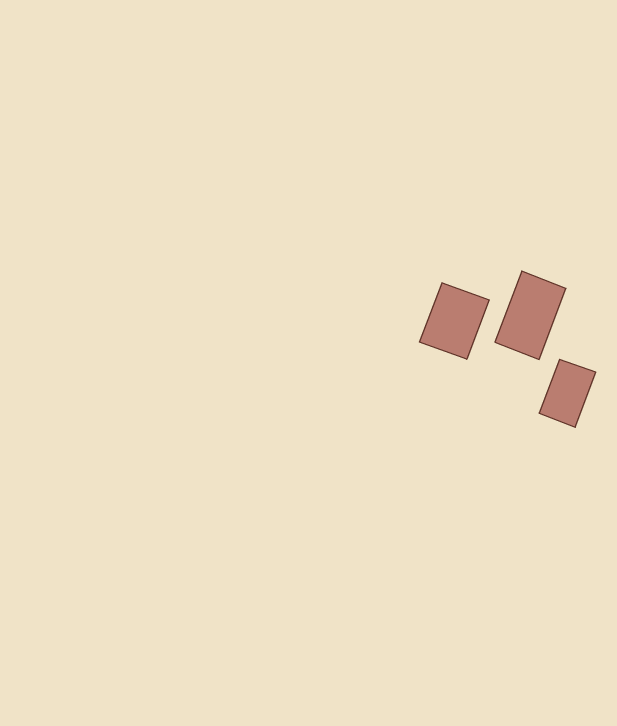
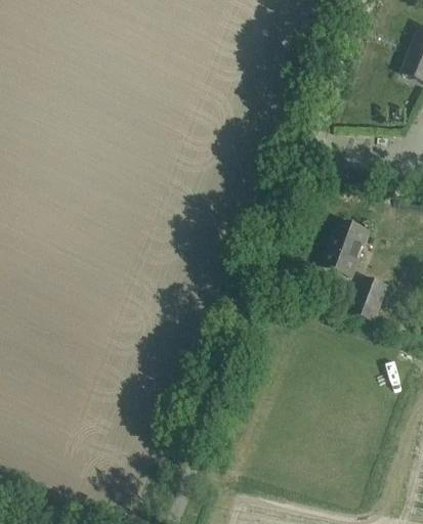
building: [420,283,489,359] -> none

